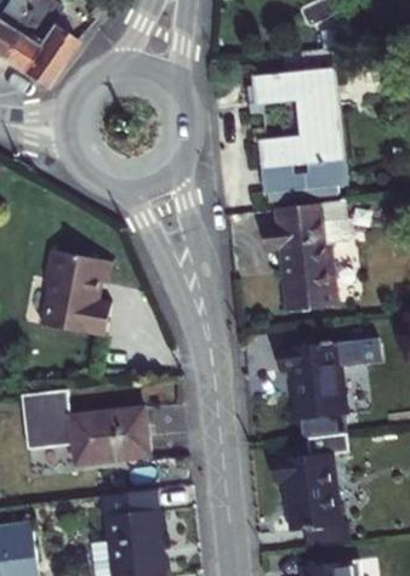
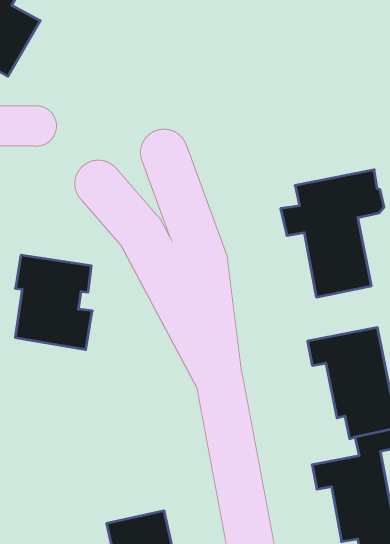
building: [257,65,359,193] -> none
building: [22,388,150,461] -> none

